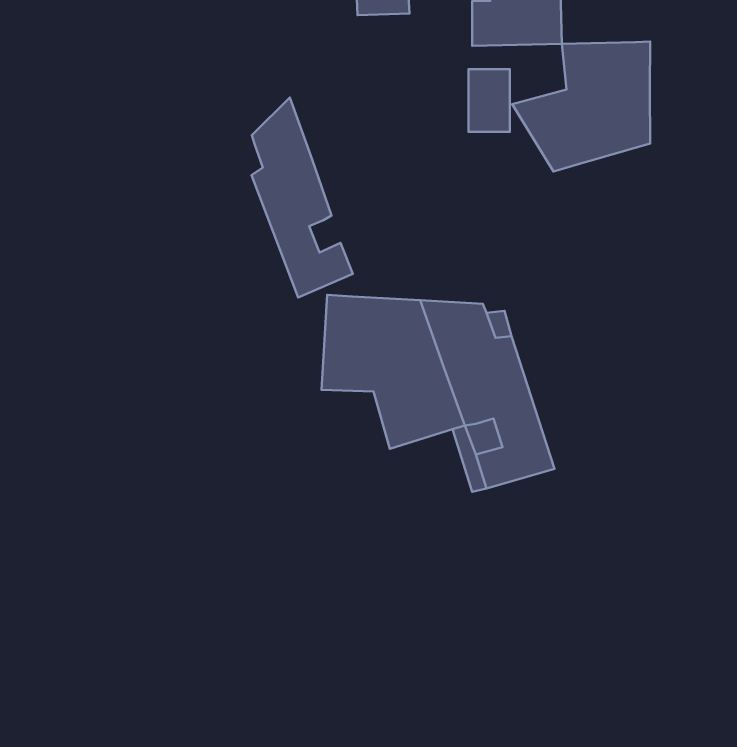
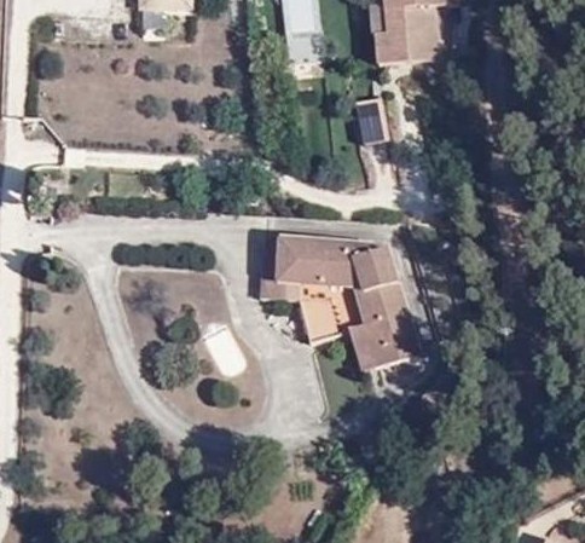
building: [512,41,650,172] -> none
building: [252,97,353,297] -> none

